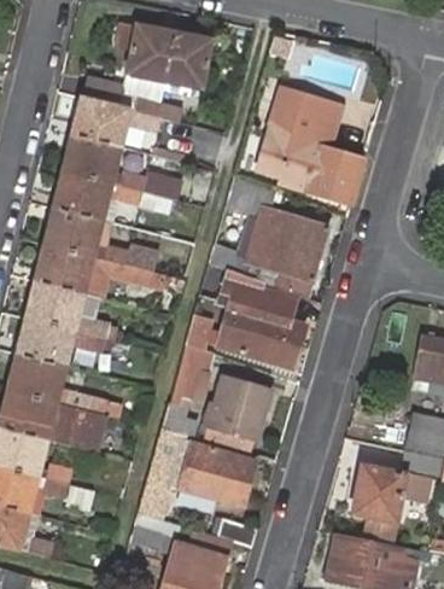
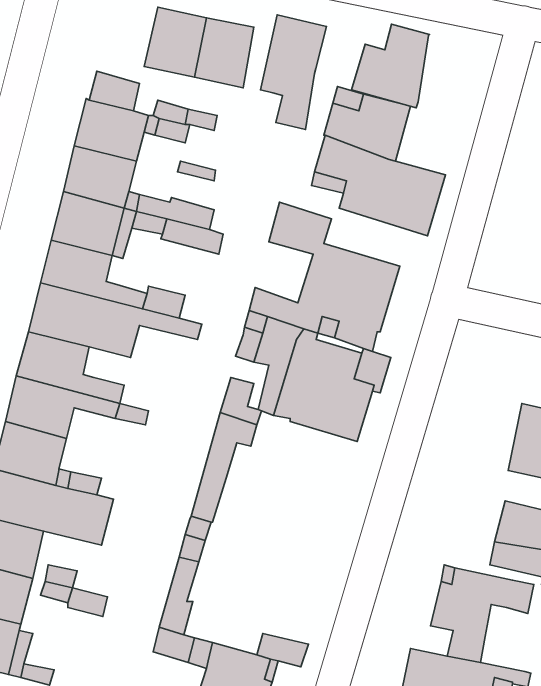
building: none -> [260,15,327,130]
building: none -> [351,24,429,108]
building: [199,377,270,453] -> none
building: [179,443,257,507] -> none

